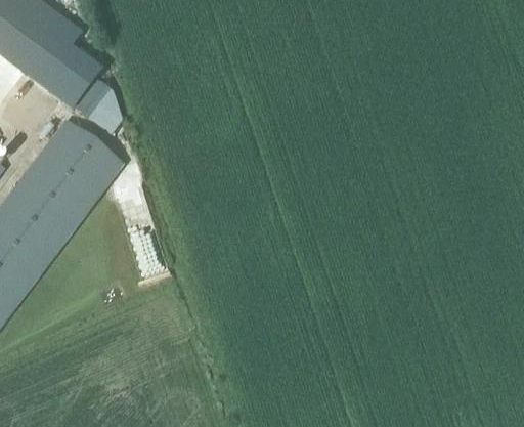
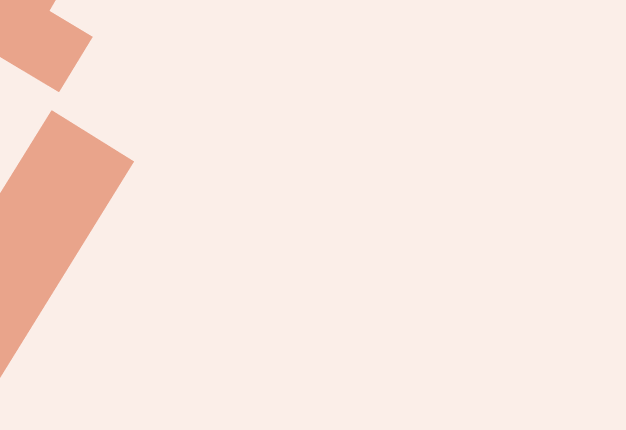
building: [73,77,123,133] -> none

